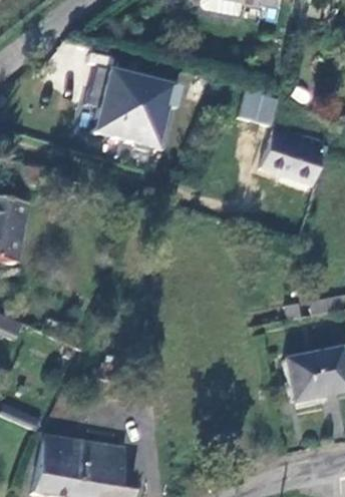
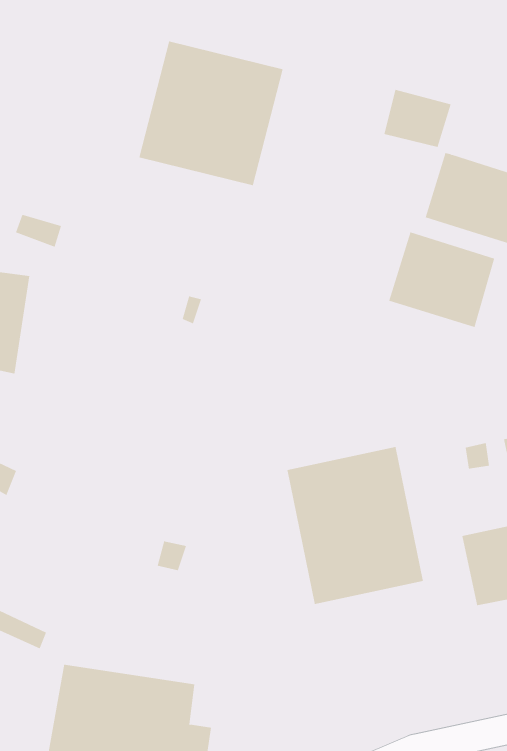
building: none -> [389,232,495,328]
building: none -> [287,446,424,605]

